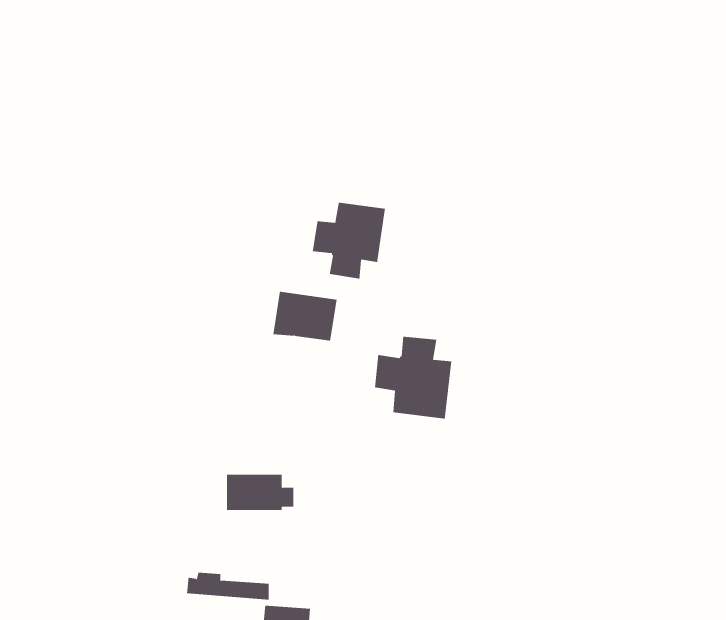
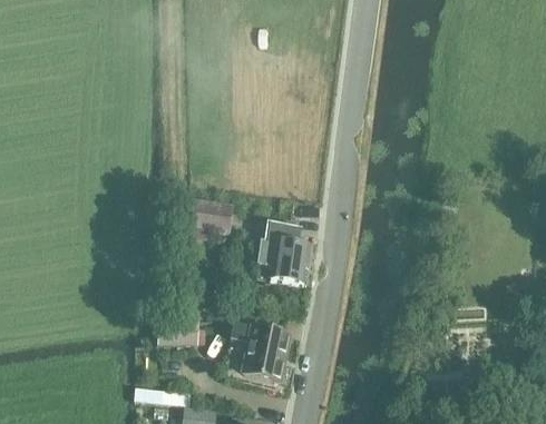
building: [312,202,385,279] -> none
building: none -> [228,323,290,381]

